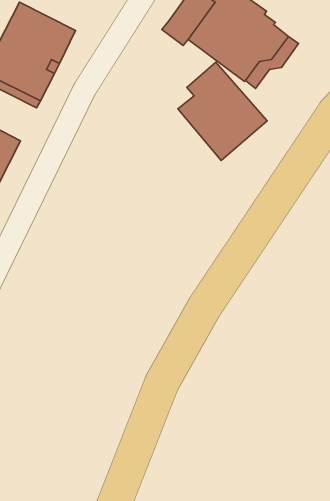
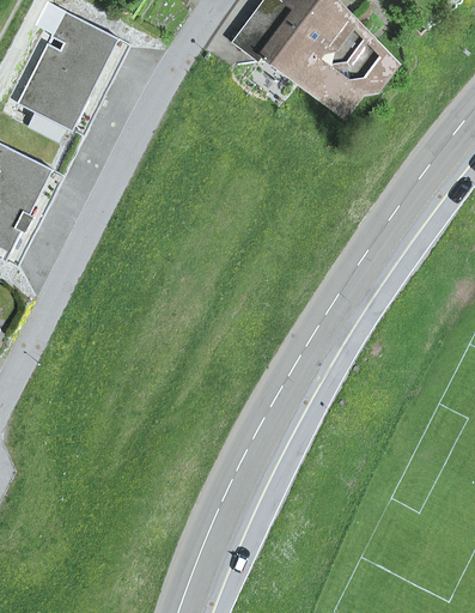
building: [178,62,267,160] -> none

